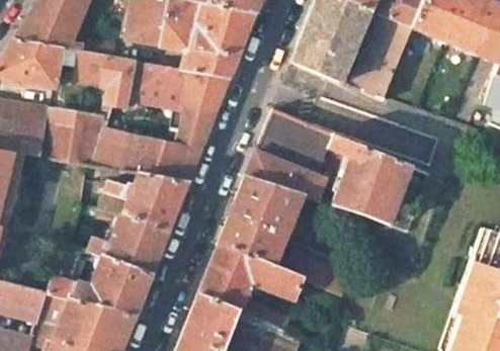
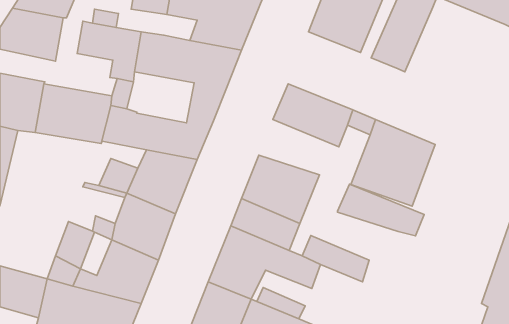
building: [245,151,326,199] -> [338,184,424,236]

